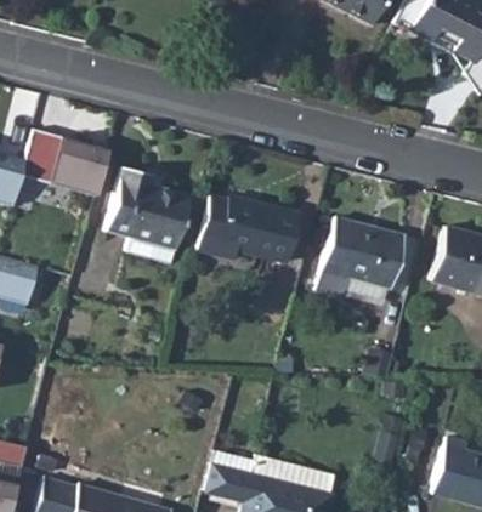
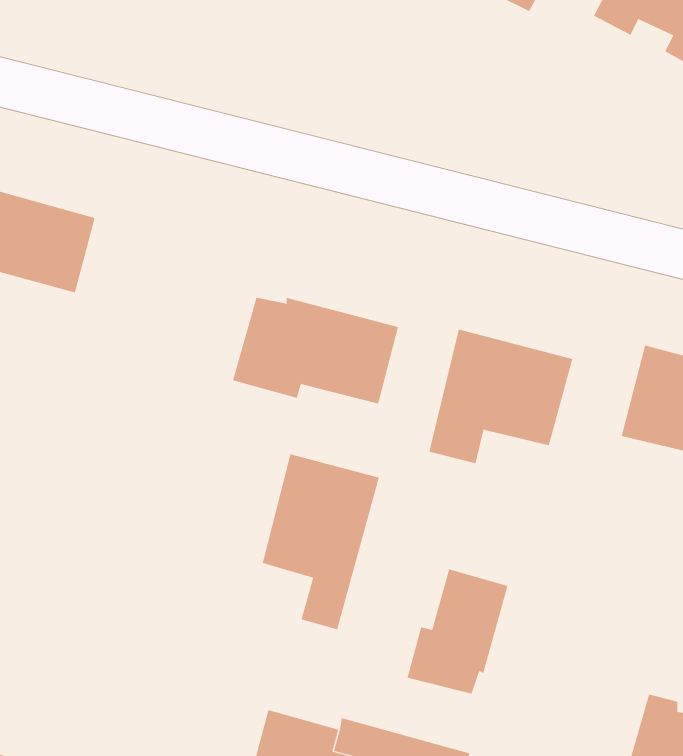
building: [102,169,187,267] -> none
building: none -> [262,454,379,630]
building: none -> [407,569,508,695]

